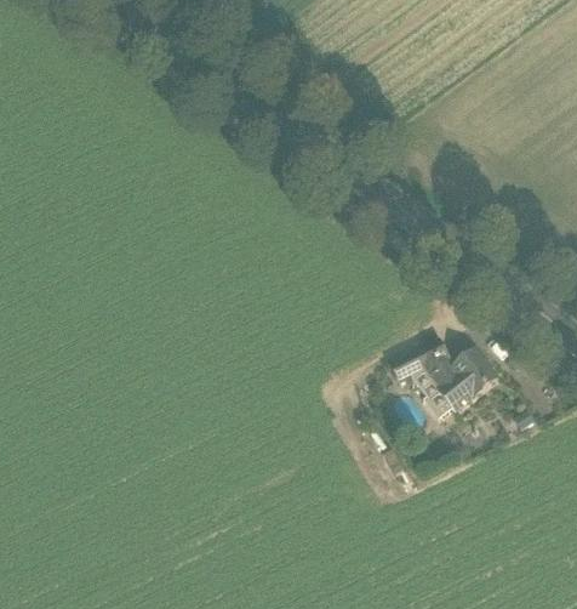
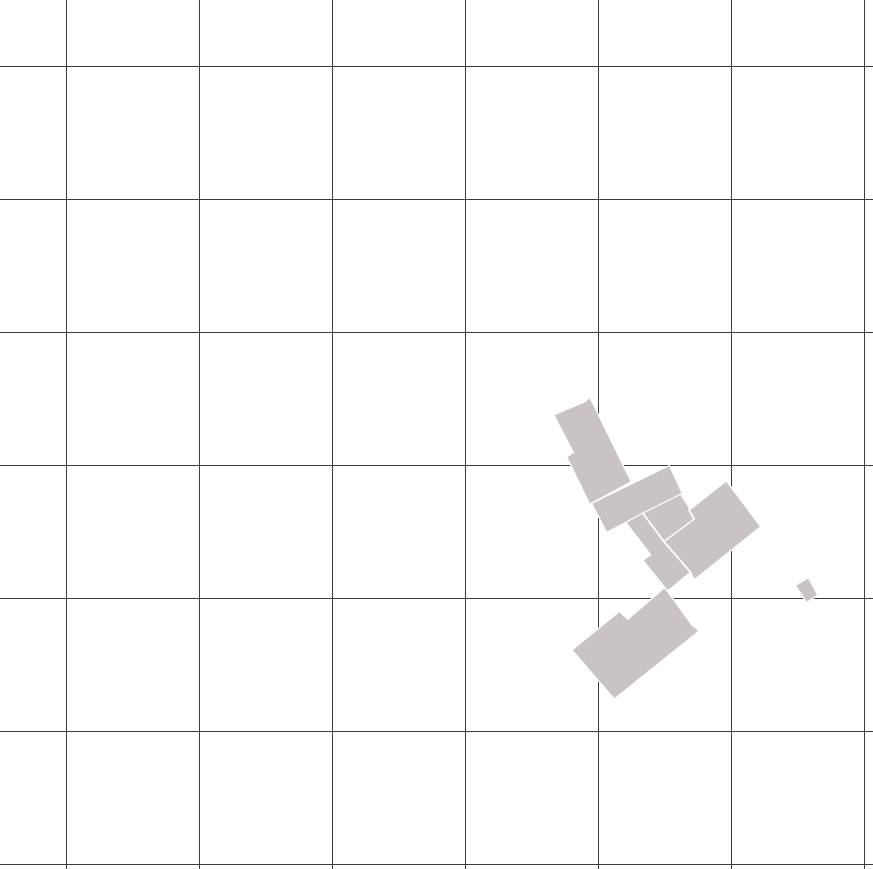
building: none -> [554,397,631,504]
building: none -> [572,587,700,699]

